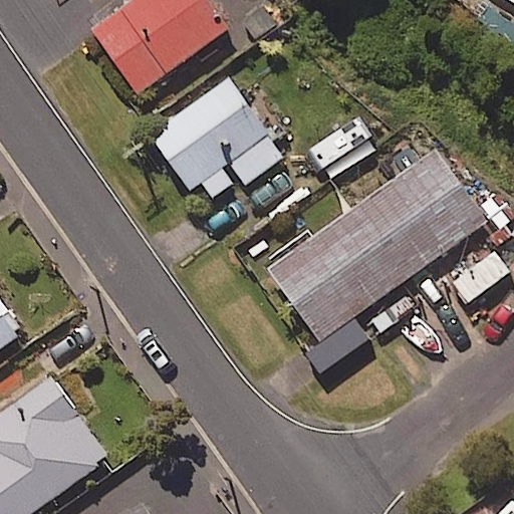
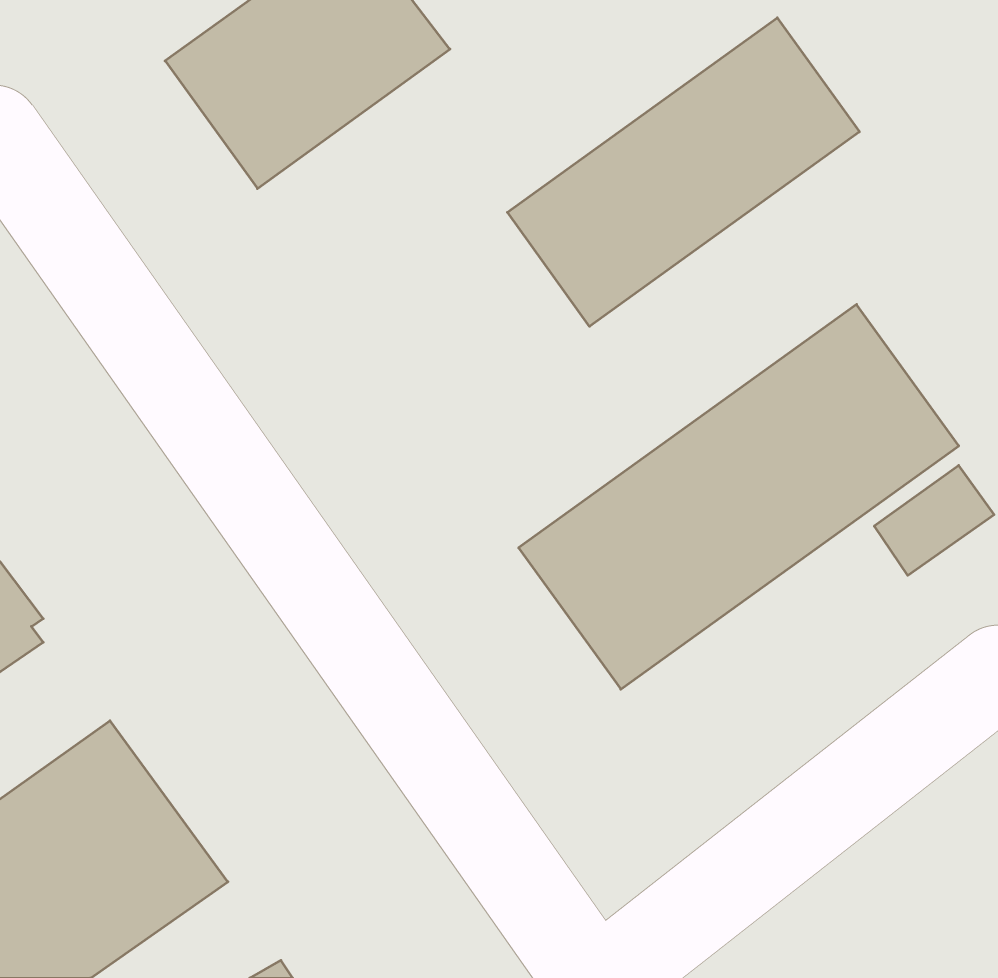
building: none -> [507,18,859,326]
building: [139,72,276,205] -> none

